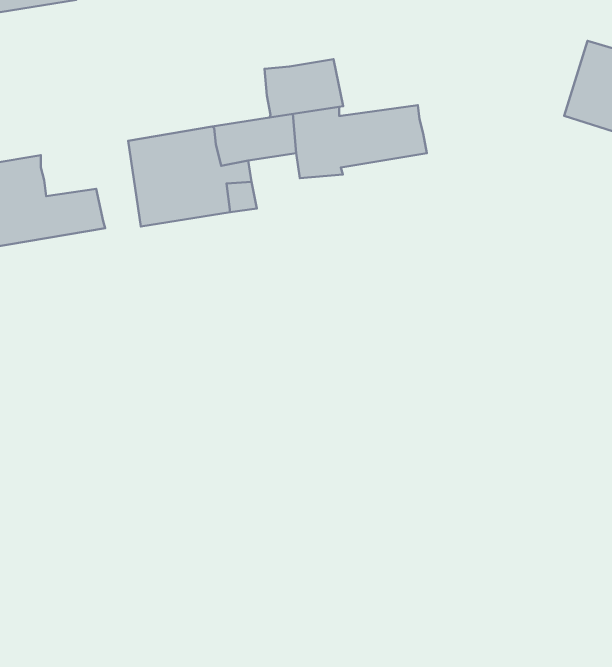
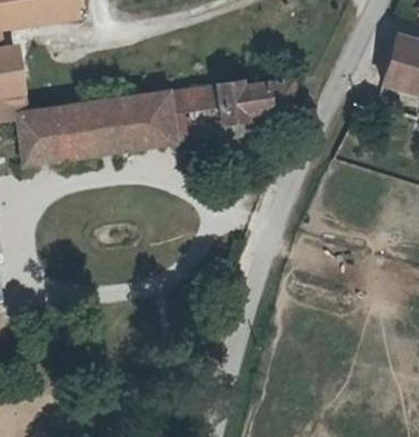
building: [264,59,343,118] -> none
building: none -> [53,100,116,155]

